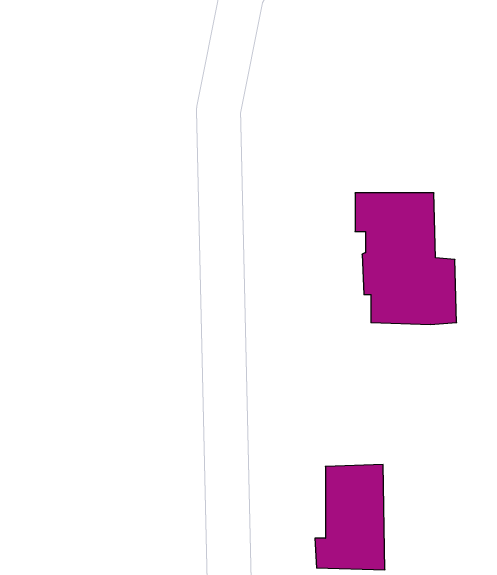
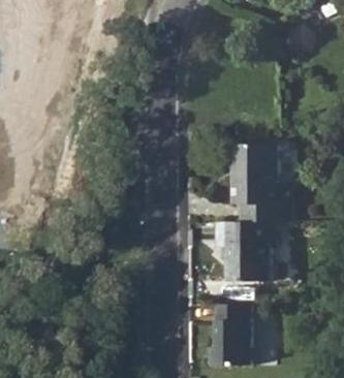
building: none -> [213,221,274,282]

